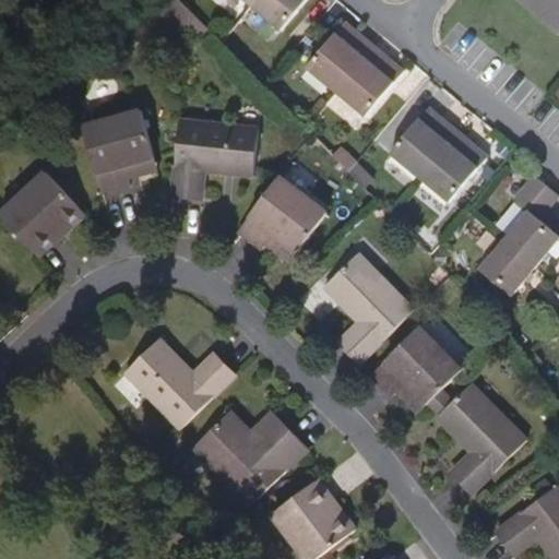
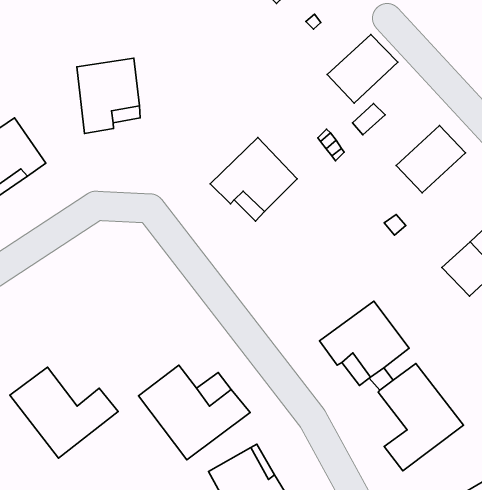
building: [311,31,378,99] -> none
building: [392,111,459,181] -> none
building: [174,119,259,197] -> none
building: [321,249,409,357] -> none
building: [124,337,235,427] -> [10,367,118,458]

